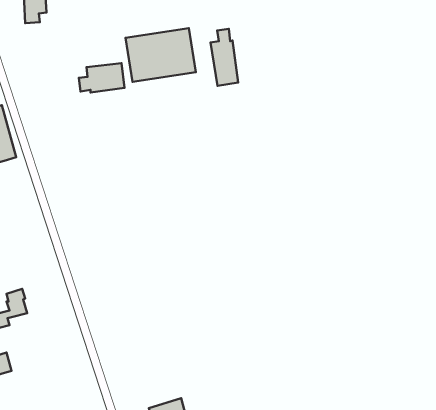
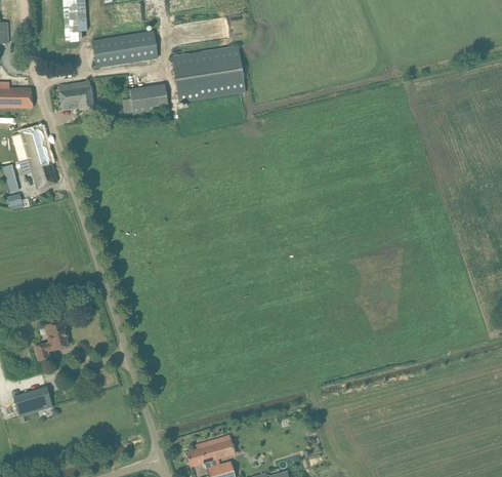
building: none -> [91,31,156,67]
building: [211,29,238,86] -> none
building: none -> [58,82,93,111]

